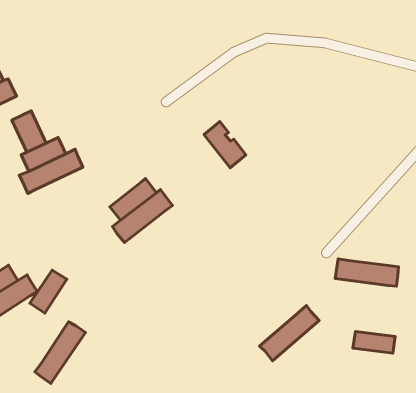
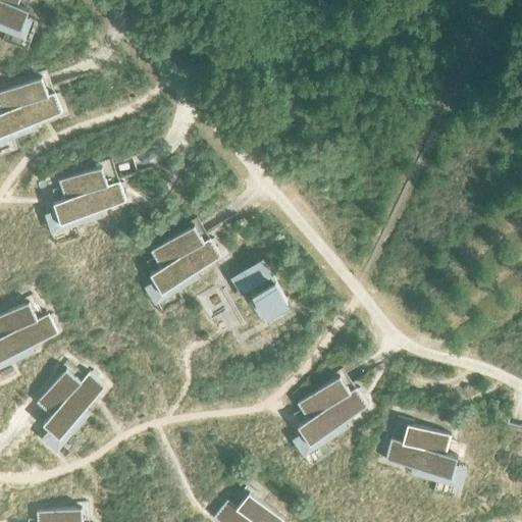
building: [12,111,46,152] -> none
building: [204,122,246,168] -> [242,262,285,315]
building: [335,259,399,286] -> [383,440,456,479]
building: [30,270,67,313] -> [35,370,80,417]
building: none -> [296,377,350,421]

